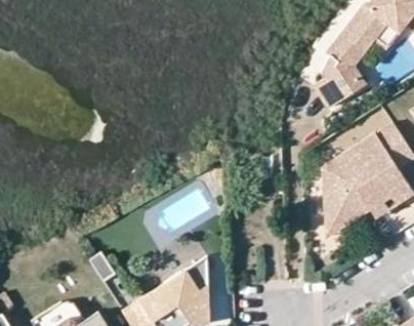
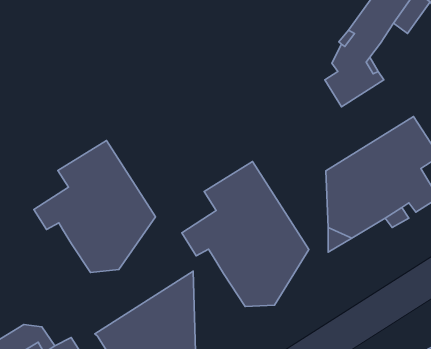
building: none -> [34,140,155,272]
building: none -> [182,162,309,306]

